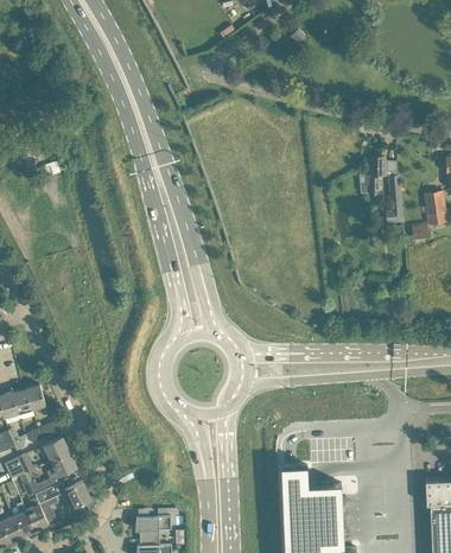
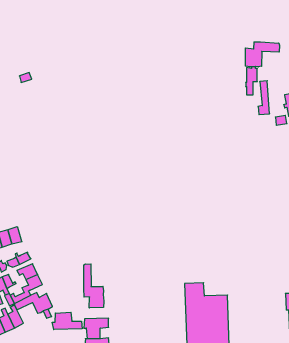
building: none -> [245,42,279,67]
building: none -> [84,264,104,308]
building: none -> [52,312,82,330]

